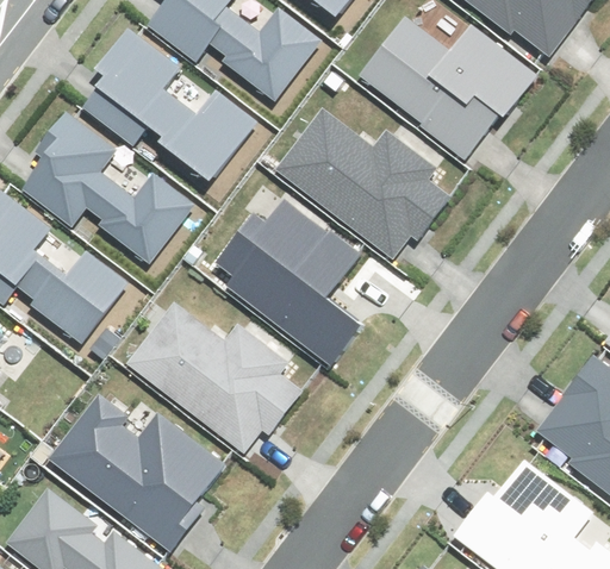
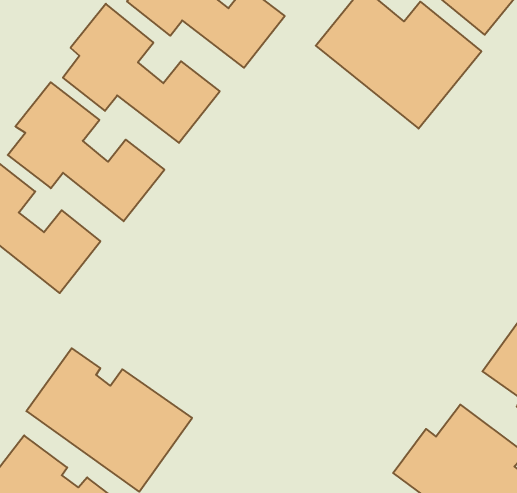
building: [272,111,448,255] -> none
building: [220,207,362,365] -> none
building: [120,294,293,456] -> none

